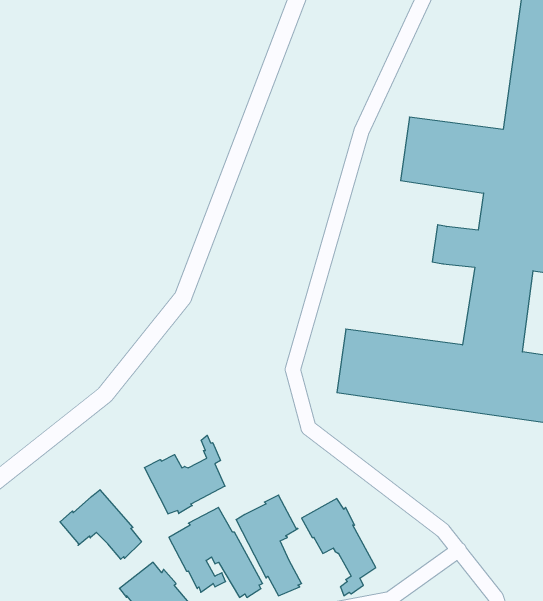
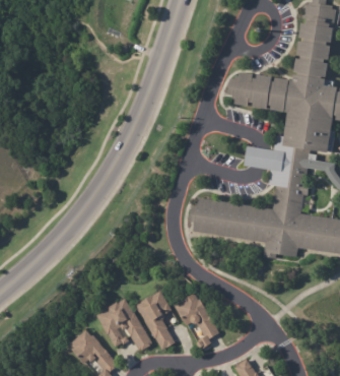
building: [144,435,225,514] -> none
building: [60,490,141,559] -> none

